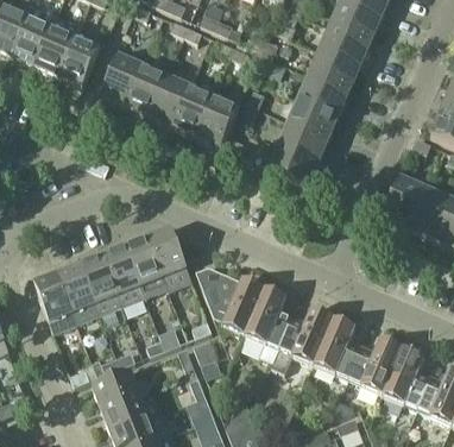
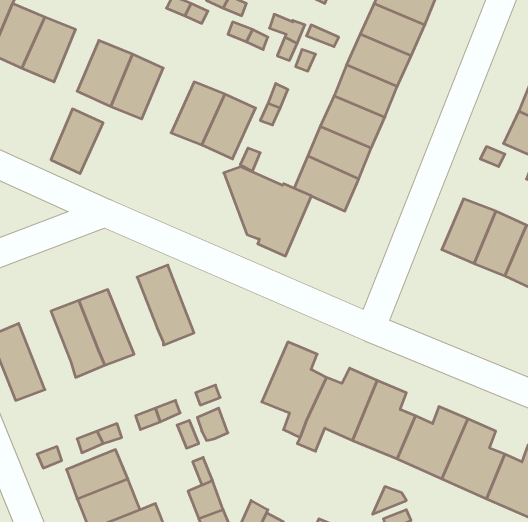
building: [151,75,191,125] -> [51,109,103,174]
building: [125,237,168,296] -> none
building: [56,263,100,323] -> none
building: [196,264,264,333] -> [224,167,312,256]

